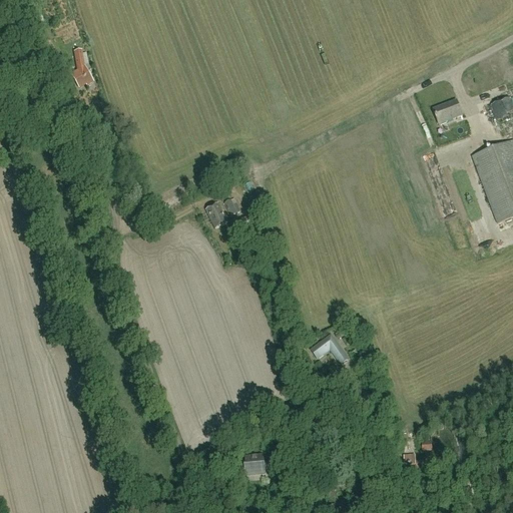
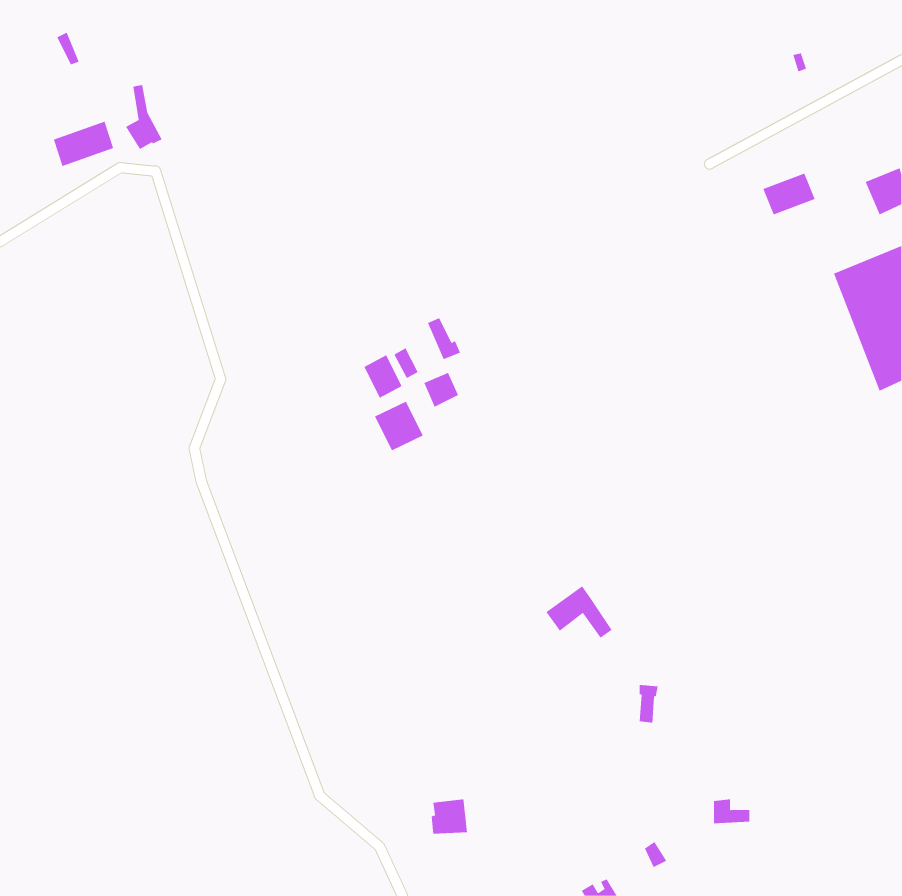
building: none -> [53,121,114,167]
building: none -> [374,401,424,451]

